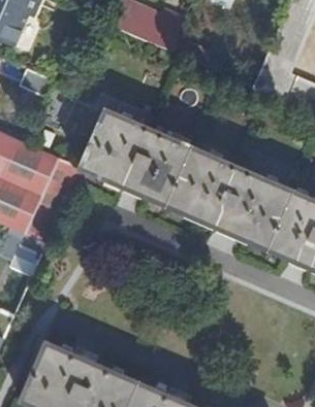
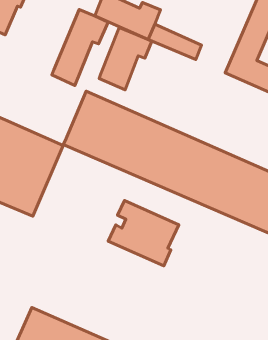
building: none -> [52,9,108,85]
building: none -> [99,27,152,90]
building: none -> [108,200,179,266]

